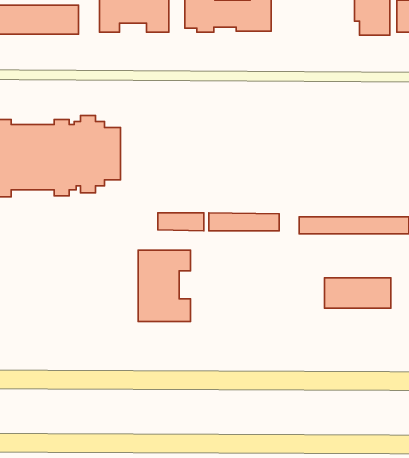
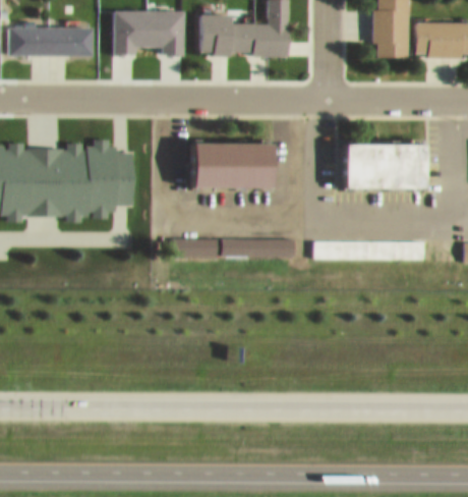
building: none -> [189,145,270,186]
building: none -> [343,146,422,188]
building: [138,250,191,321] -> none
building: [325,278,391,308] -> none

